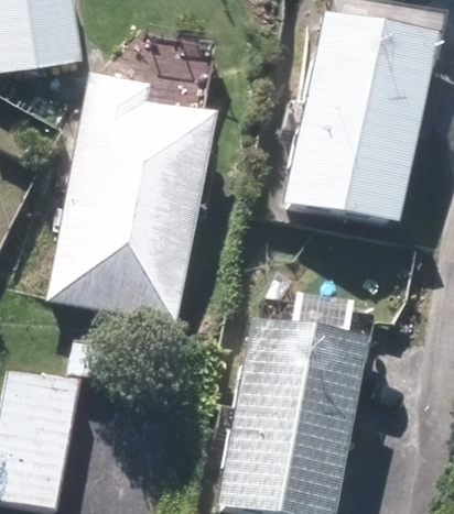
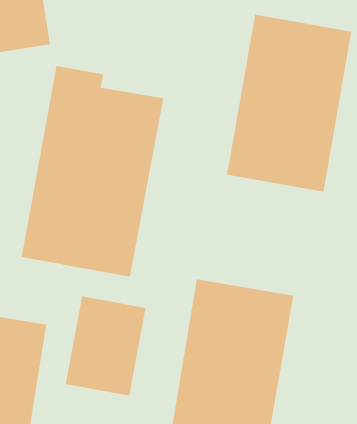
building: none -> [65,296,146,396]

